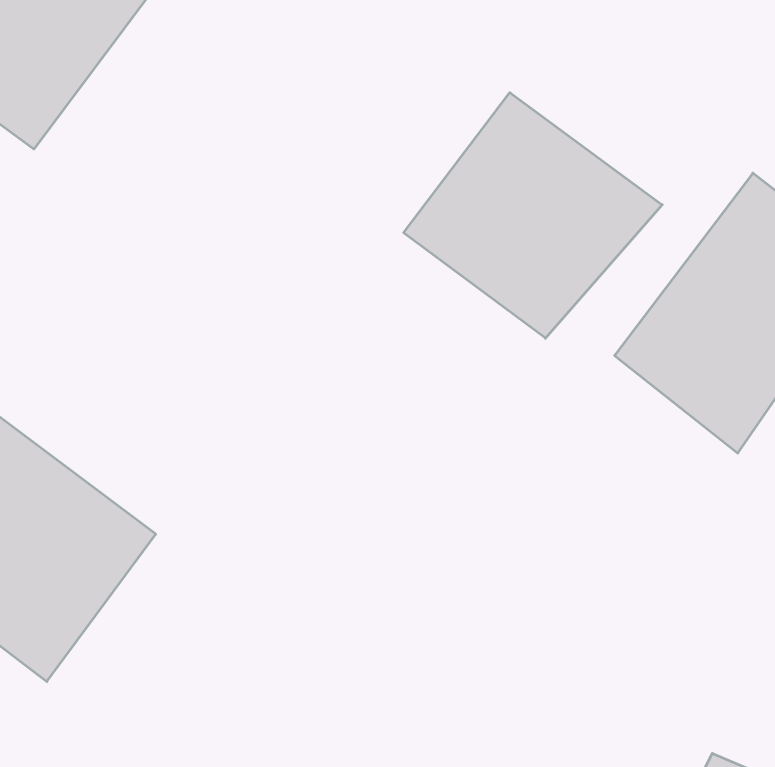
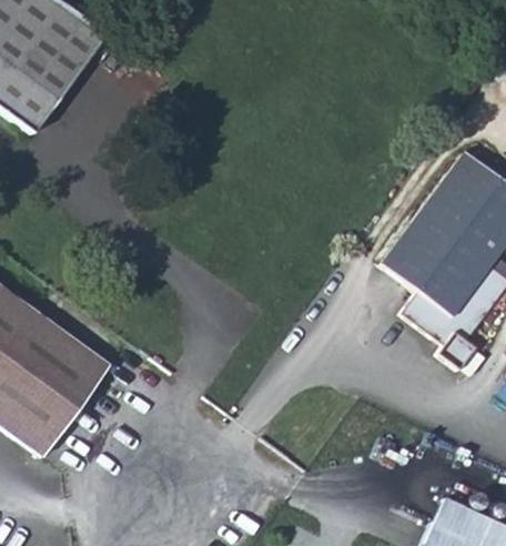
building: [404,93,662,338] -> none

